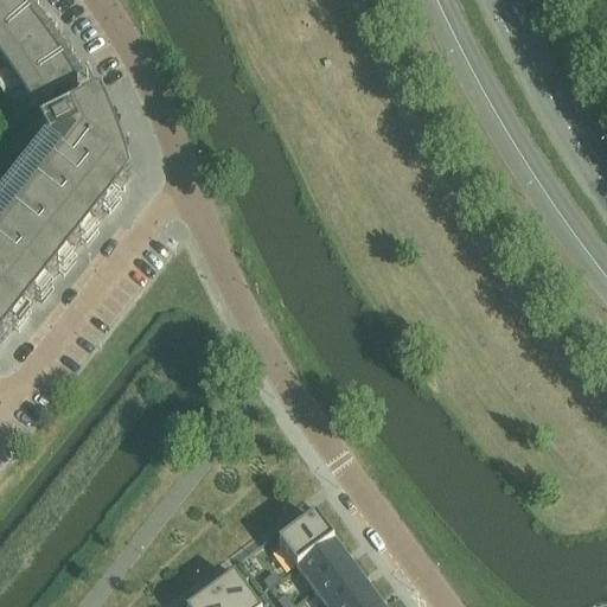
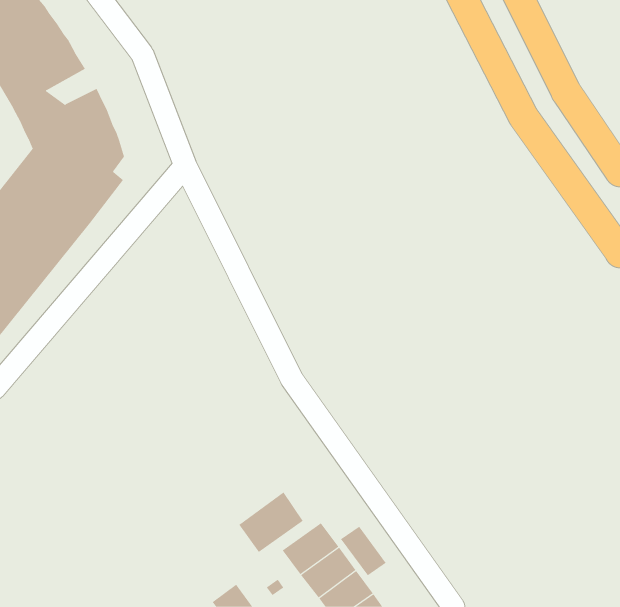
building: none -> [238,491,303,553]
building: none -> [340,526,387,576]

